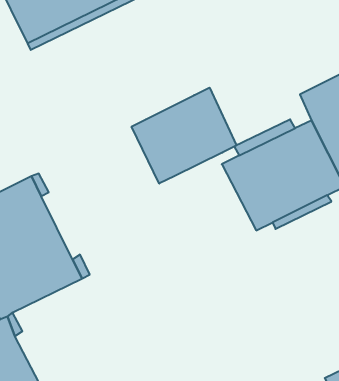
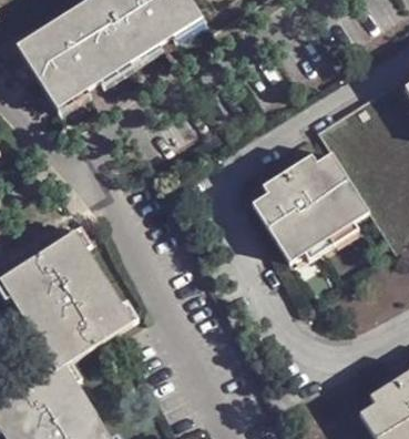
building: [132,88,237,184] -> none

